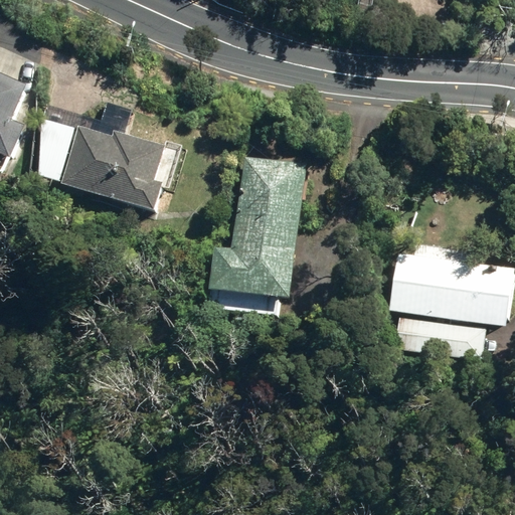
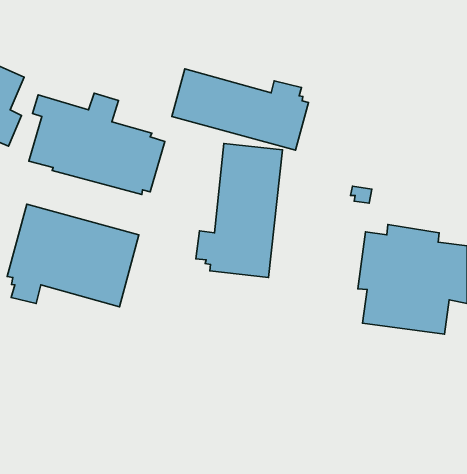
building: none -> [172,69,308,150]
building: none -> [7,204,139,307]

